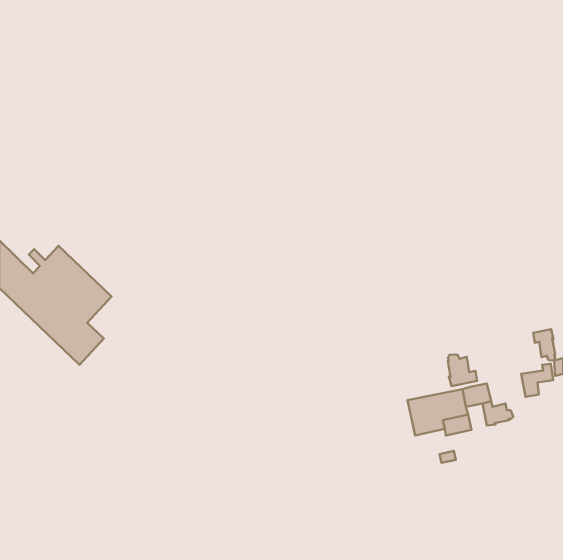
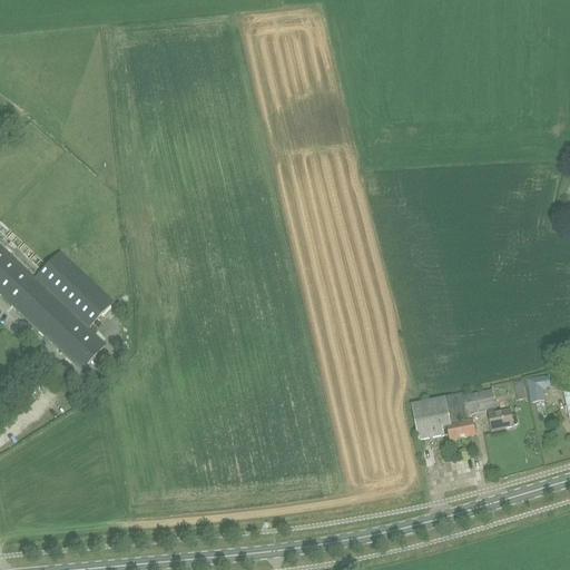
building: [533,329,555,360] -> none
building: [448,355,477,386] -> none

